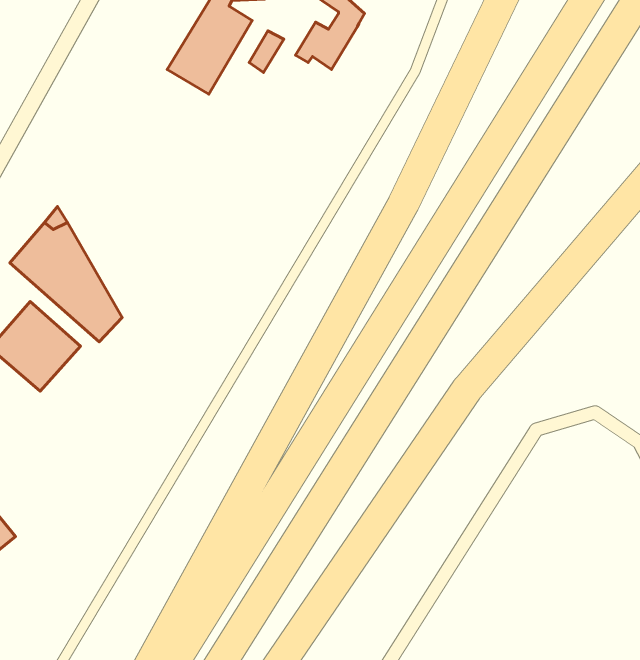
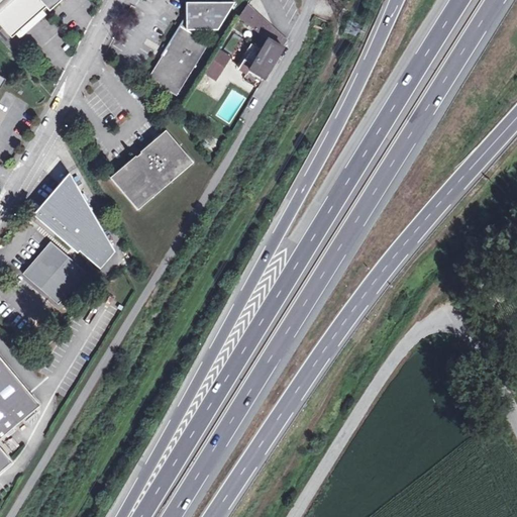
building: none -> [107,129,190,210]

